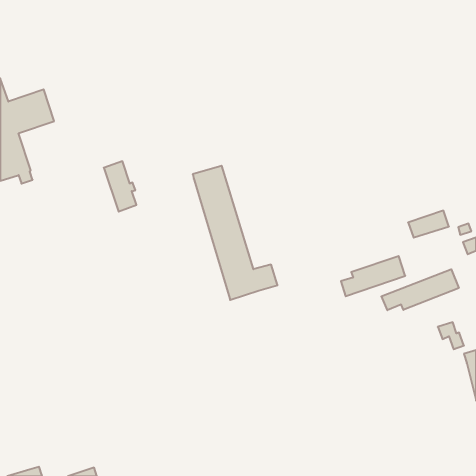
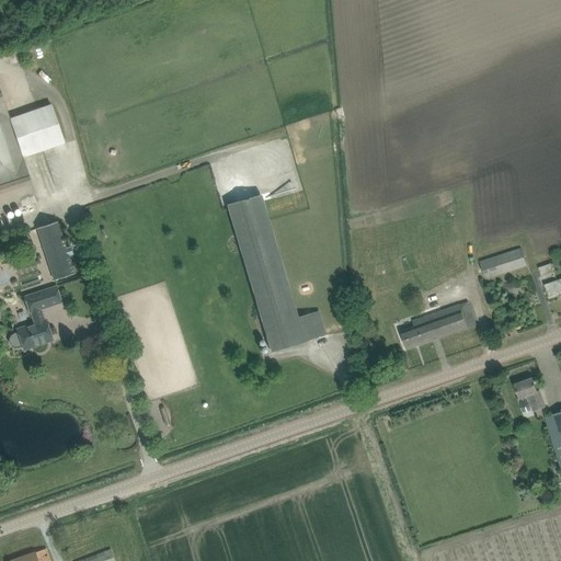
building: [104,161,136,212] -> [36,221,75,280]
building: none -> [9,286,61,350]
building: [381,269,459,310] -> none

